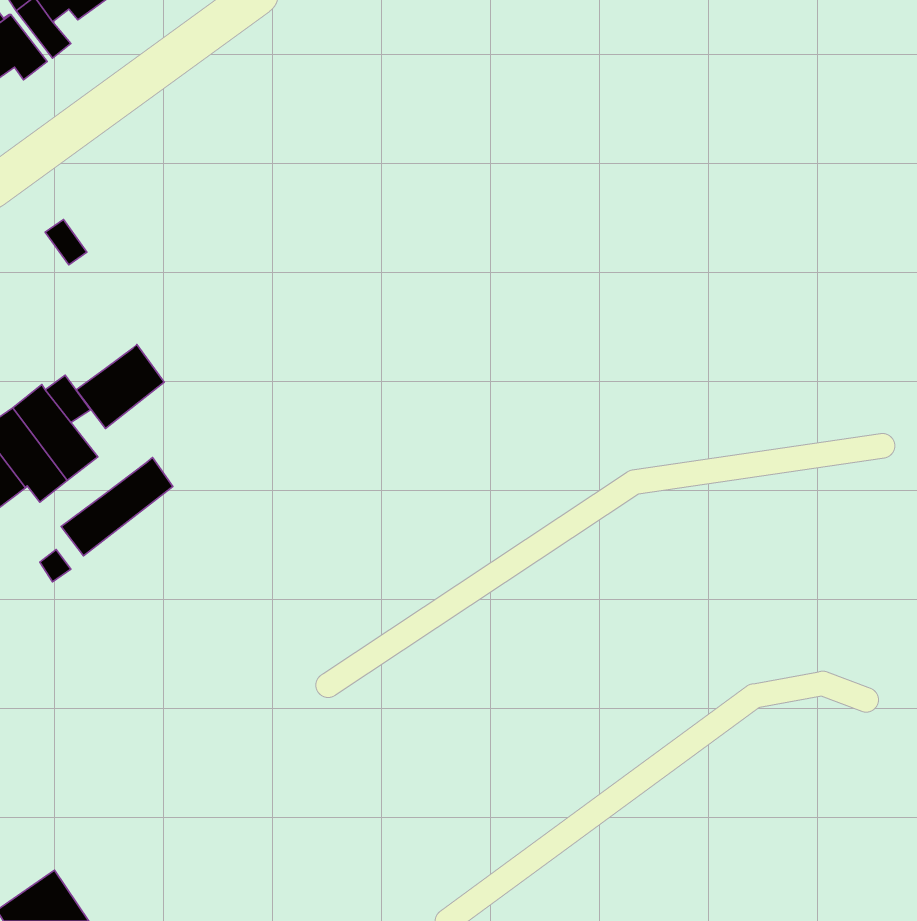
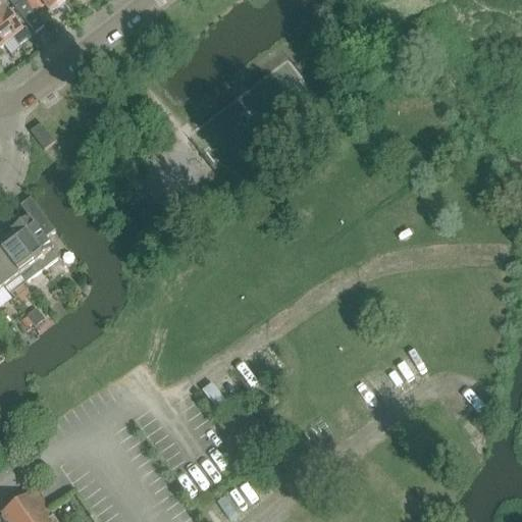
building: [76,344,164,428] -> none
building: [61,458,173,556] -> none

